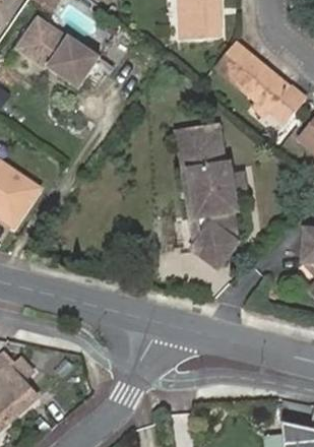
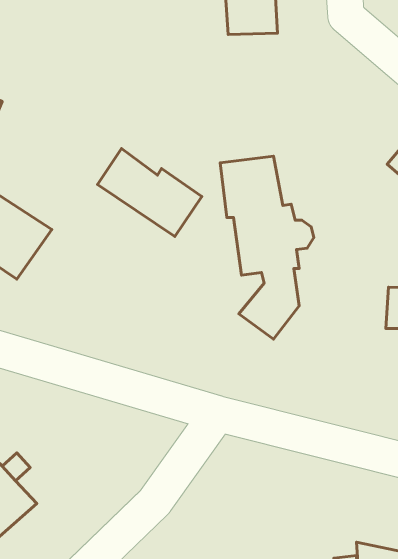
building: [26,22,106,89] -> [97,148,202,237]
building: [211,38,306,122] -> none

